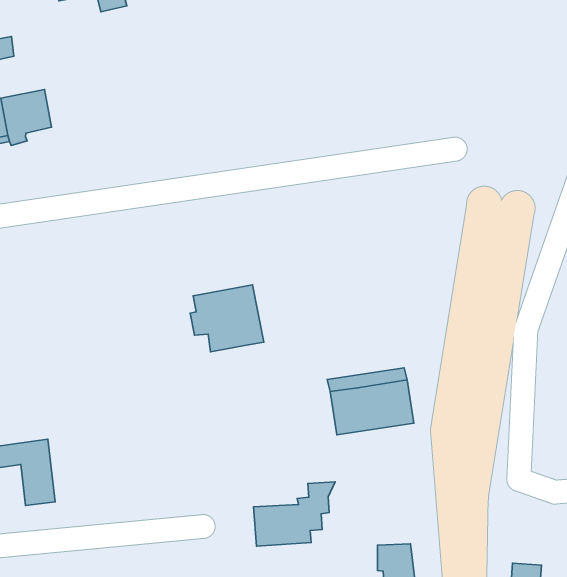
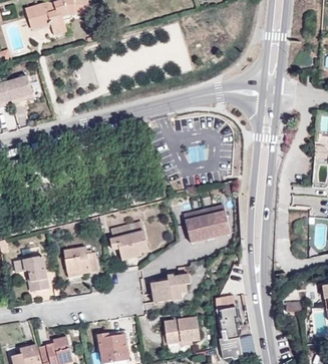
building: [190,285,264,352] -> [109,221,148,257]
building: none -> [63,246,97,277]

